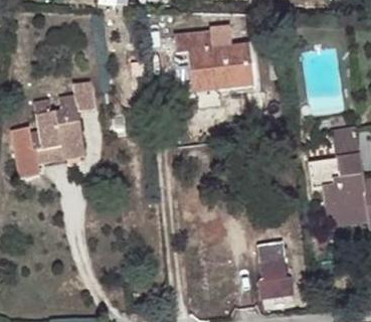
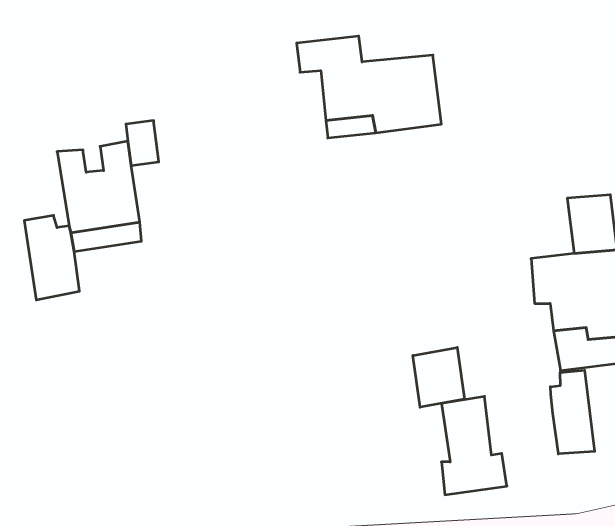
building: none -> [413,347,464,407]
building: none -> [550,370,595,454]

